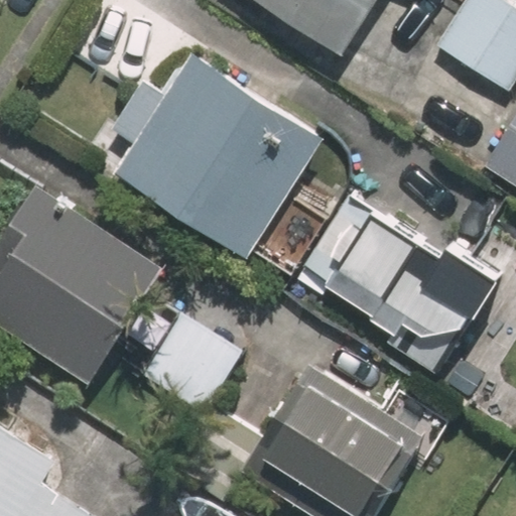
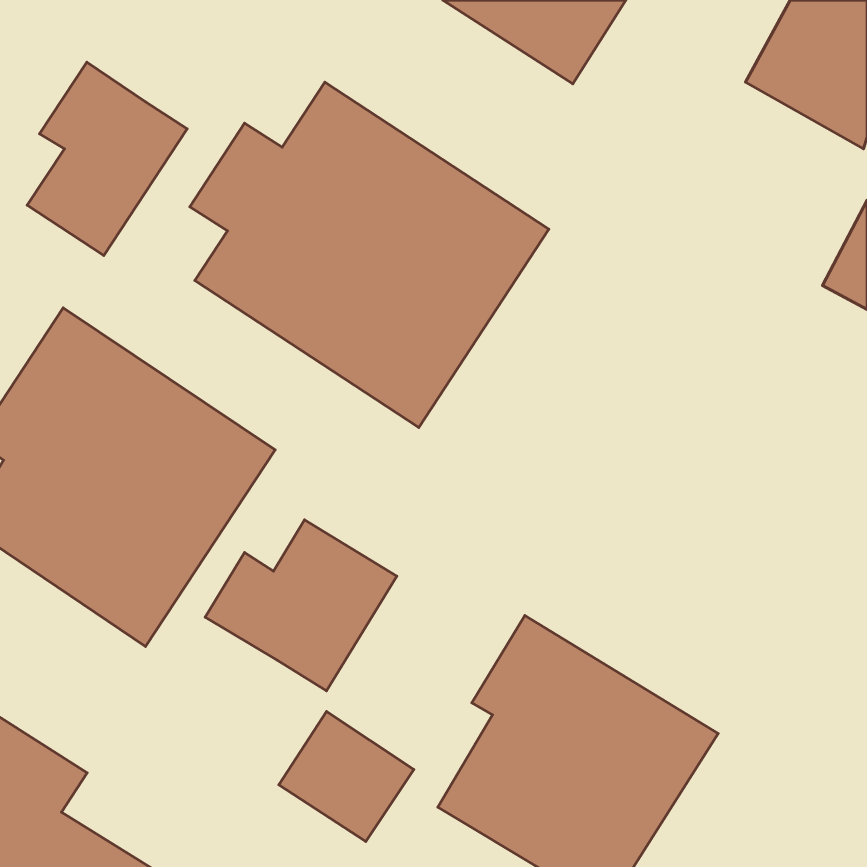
building: none -> [27,62,187,255]
building: [302,196,499,375] -> none

